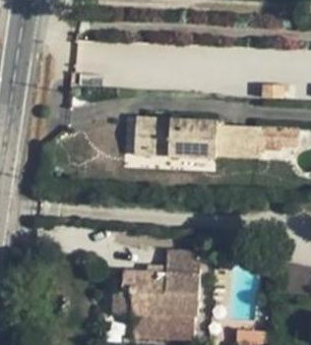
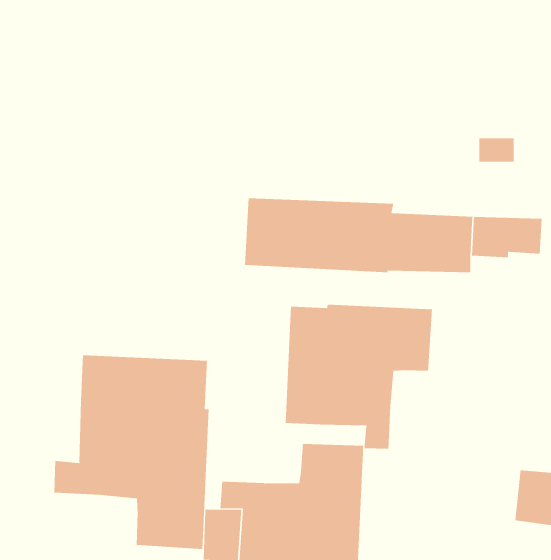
building: none -> [285,304,432,449]
building: none -> [54,355,209,550]

